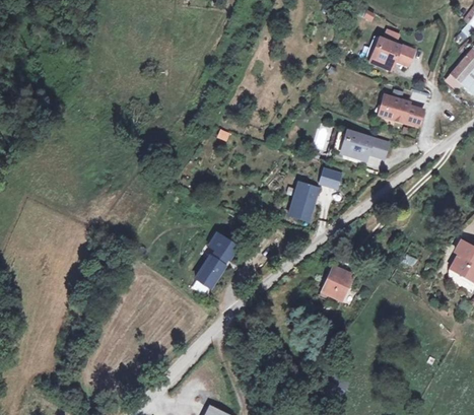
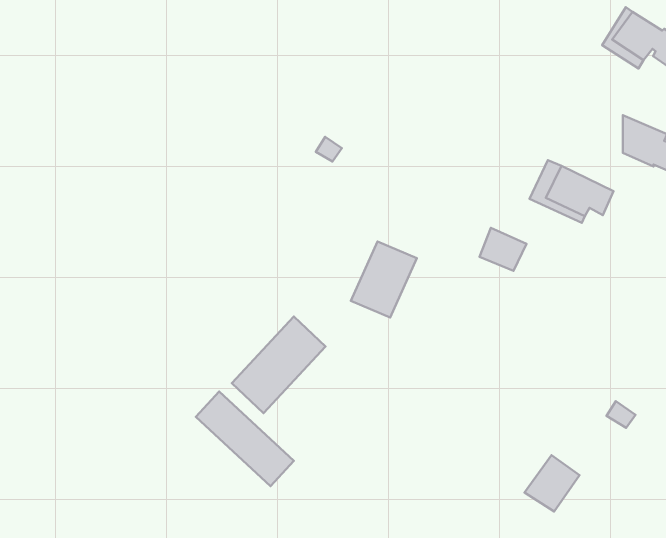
building: [285,183,319,224] -> [351,242,417,317]
building: [324,272,353,303] -> [525,455,579,511]
building: none -> [196,391,294,486]

